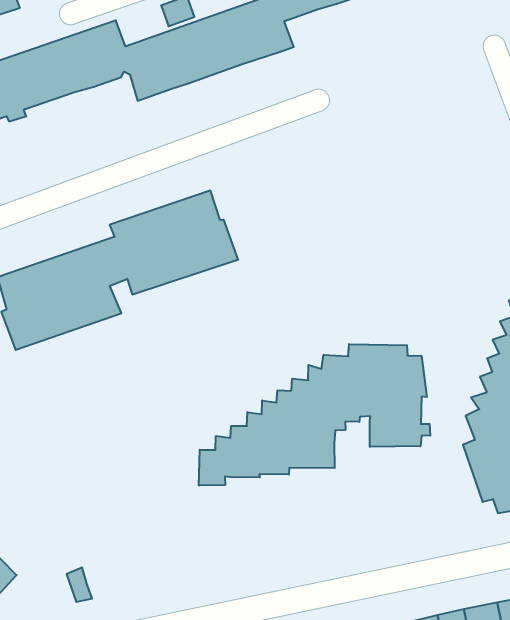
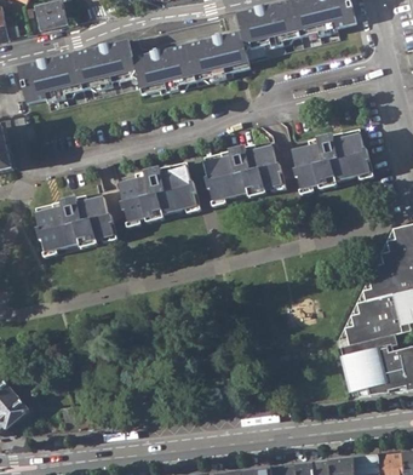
building: none -> [202,126,372,205]
building: [199,344,430,486] -> none

